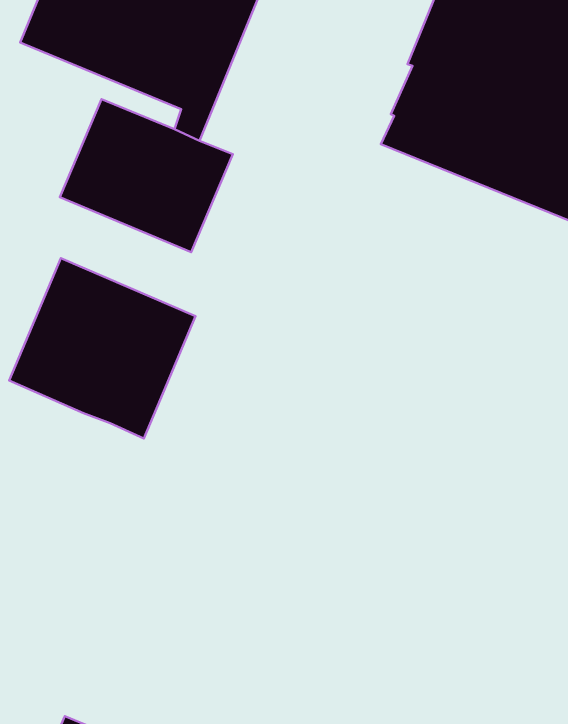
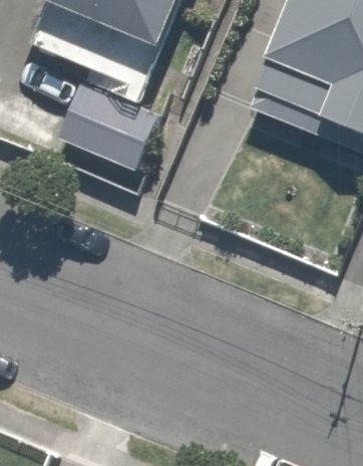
building: [9,258,195,438] -> none

